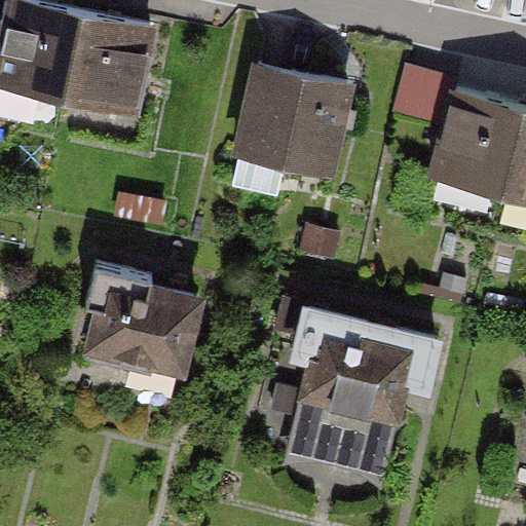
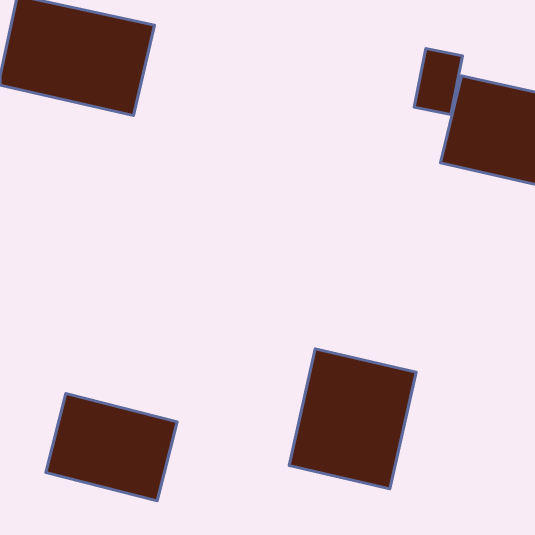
building: [236,61,349,187] -> none
building: [71,287,199,391] -> [46,394,177,501]

